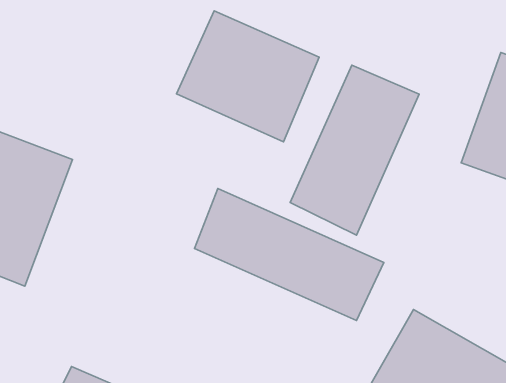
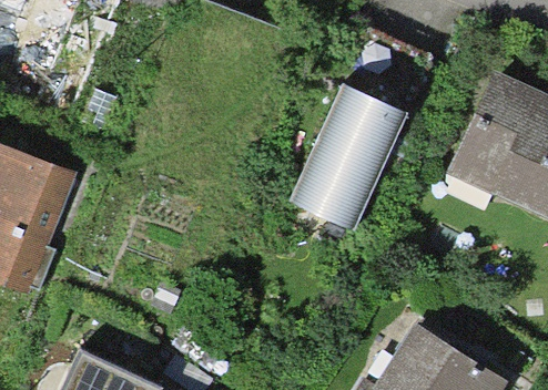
building: [177,11,319,142] -> none
building: [194,189,384,321] -> none

